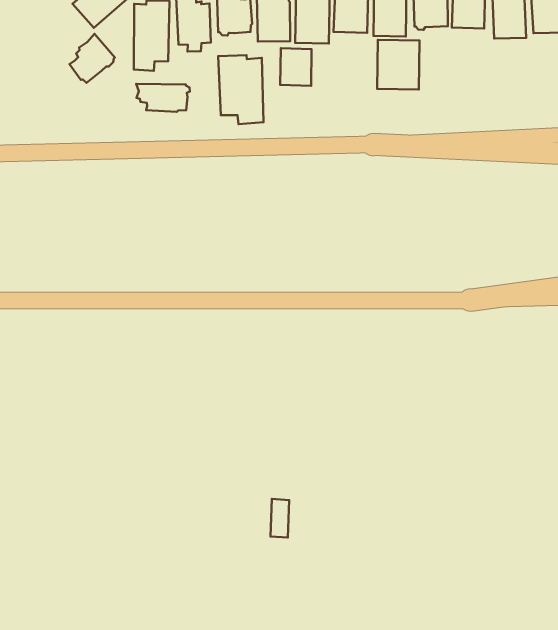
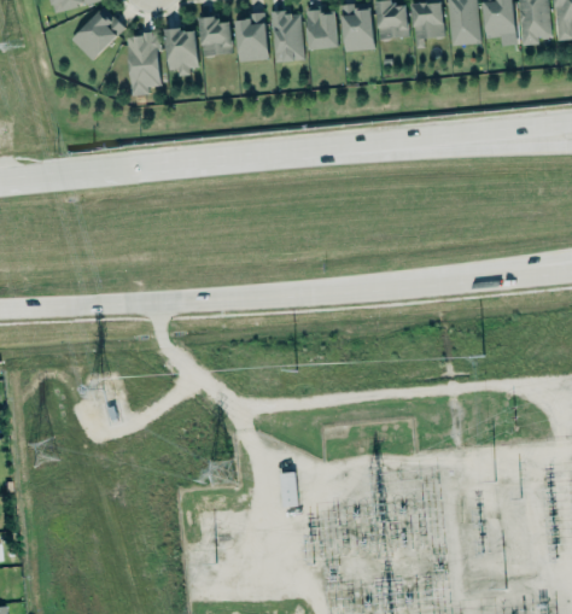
building: [69,34,115,83] -> none
building: [377,40,420,90] -> none
building: [280,48,312,86] -> none
building: [218,55,264,124] -> none
building: [136,84,190,112] -> none

